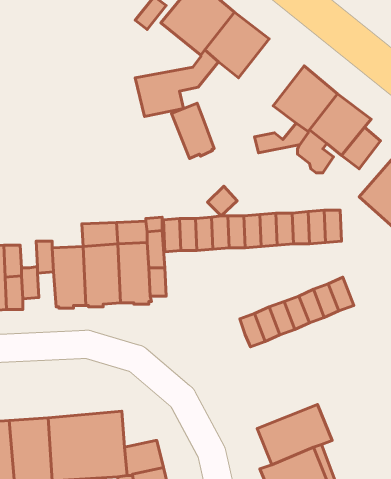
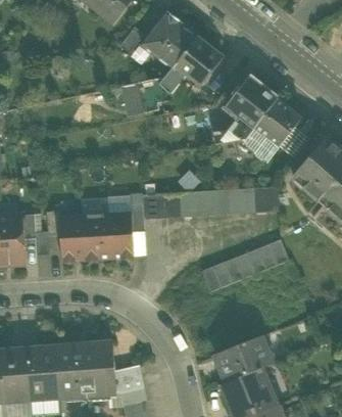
building: [171,103,214,159] -> none

